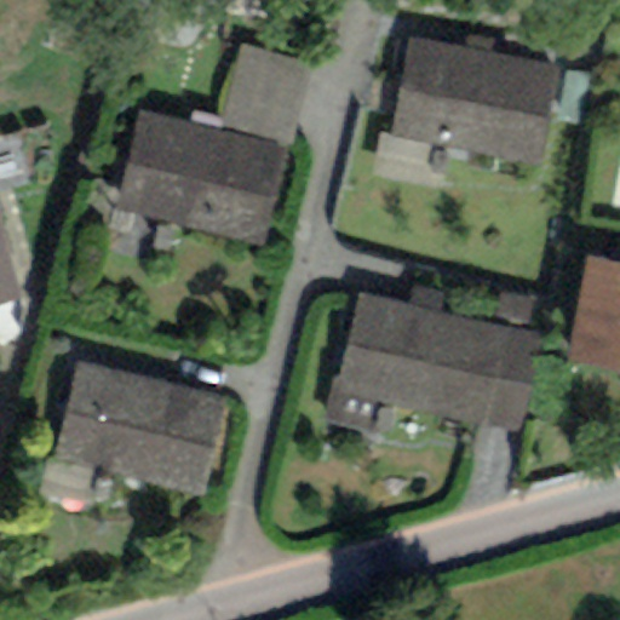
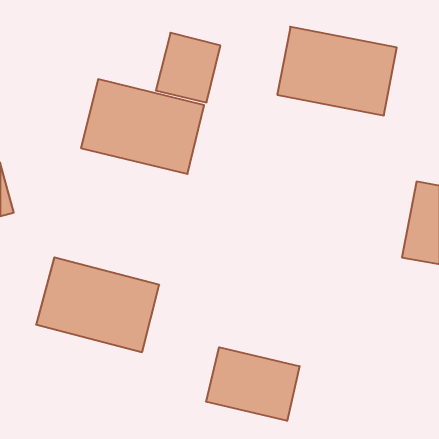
building: [327,293,542,436] -> none
building: none -> [206,347,300,421]

